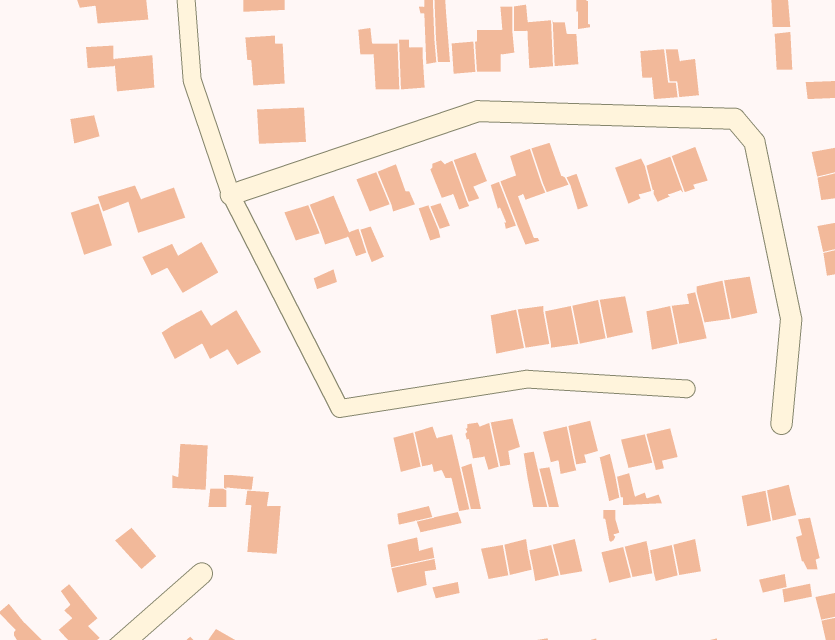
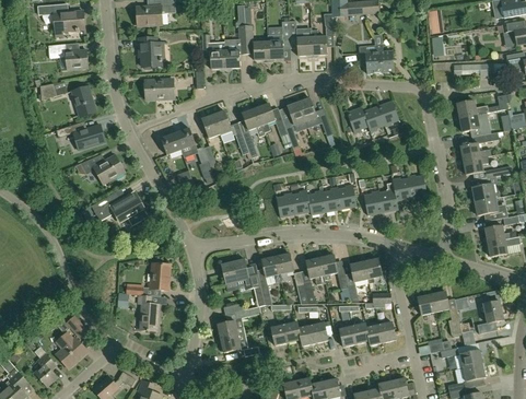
building: [70,203,113,255] -> [71,85,95,115]
building: [172,443,209,490] -> [148,263,168,290]
building: none -> [56,324,85,367]

